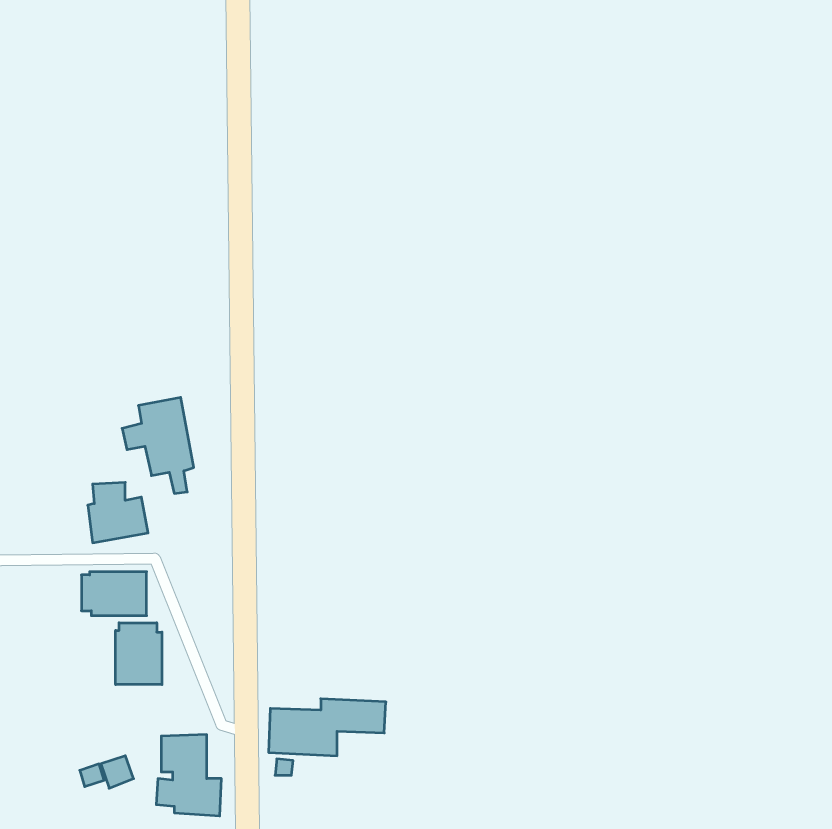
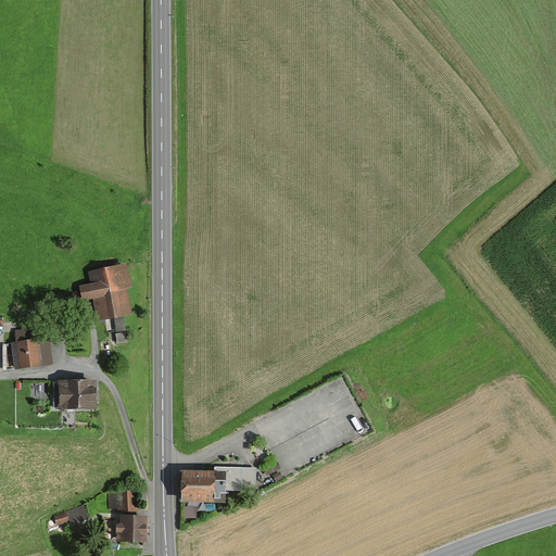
building: [88,482,148,543] -> [12,328,52,368]
building: [116,623,162,685] -> none

